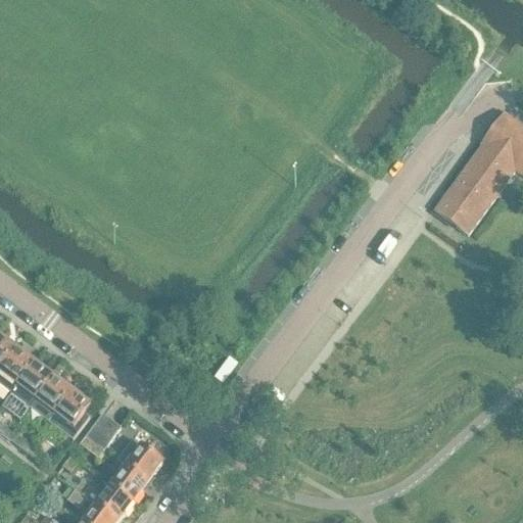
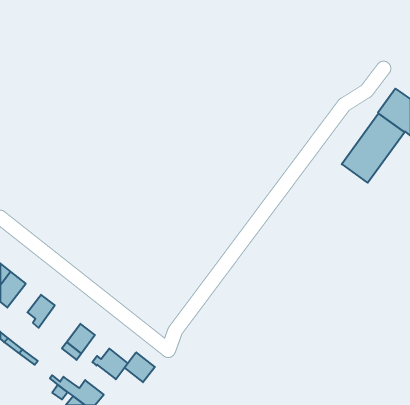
building: [10,360,53,405] -> none
building: [48,387,91,437] -> none
building: [109,463,148,501] -> [124,352,155,382]

